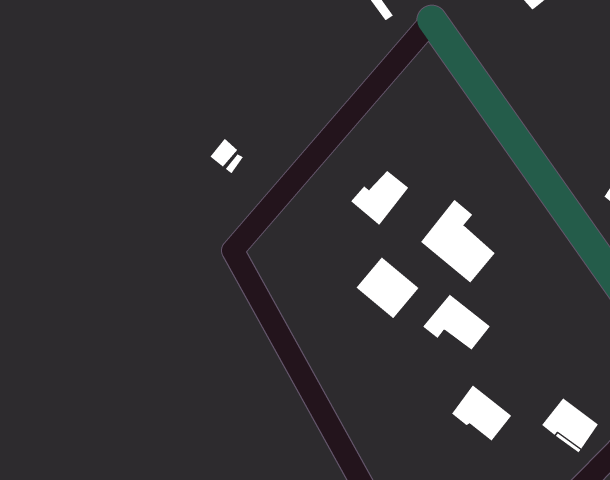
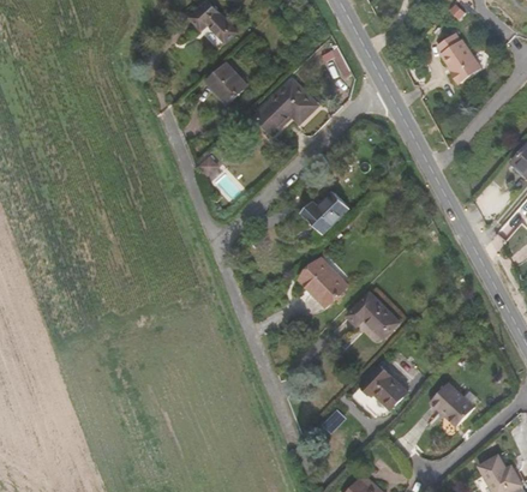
building: none -> [205,64,246,104]
building: none -> [254,79,318,134]
building: [420,199,495,283] -> none

